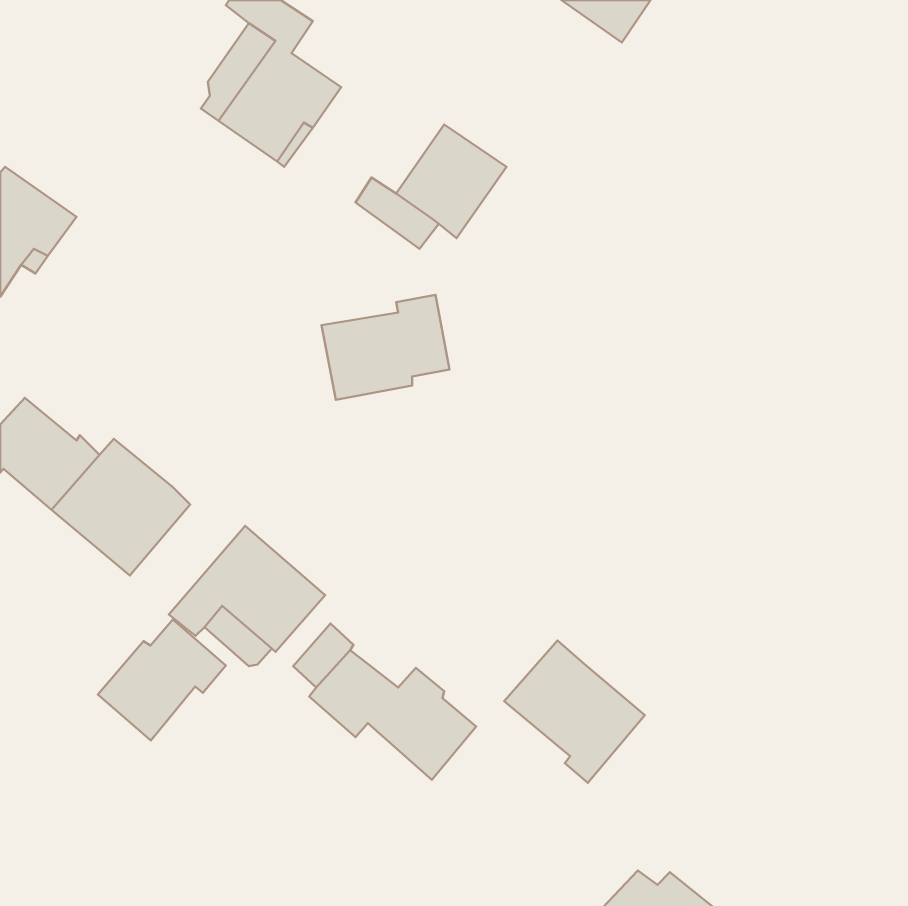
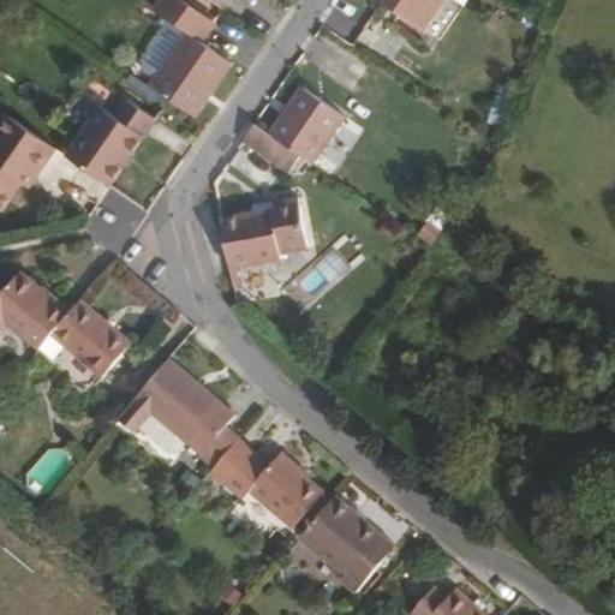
building: none -> [61,86,151,186]
building: [98,619,226,740] -> none
building: [504,641,645,783] -> [298,497,393,593]

